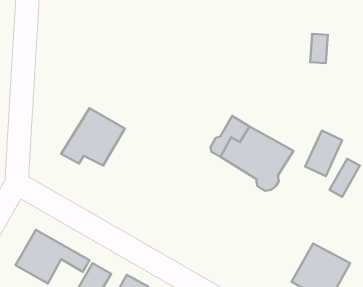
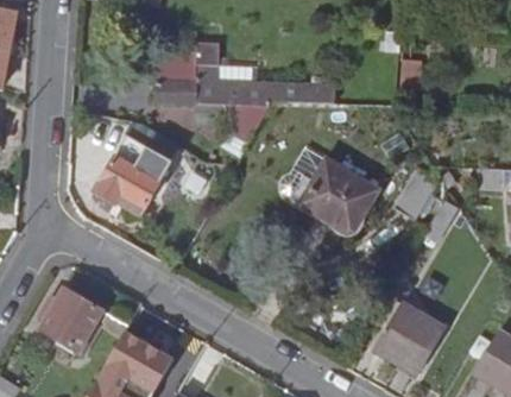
building: none -> [154,43,335,152]

